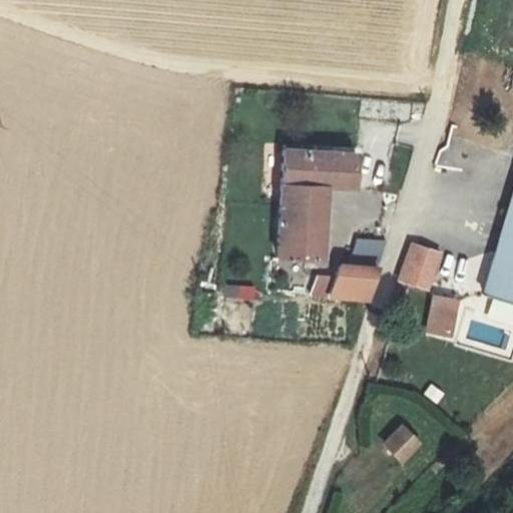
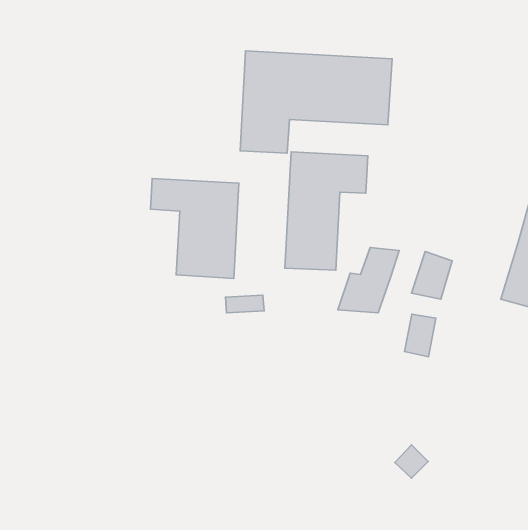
building: none -> [240,51,392,153]
building: none -> [150,179,239,278]
building: [427,296,457,337] -> [405,314,436,357]

